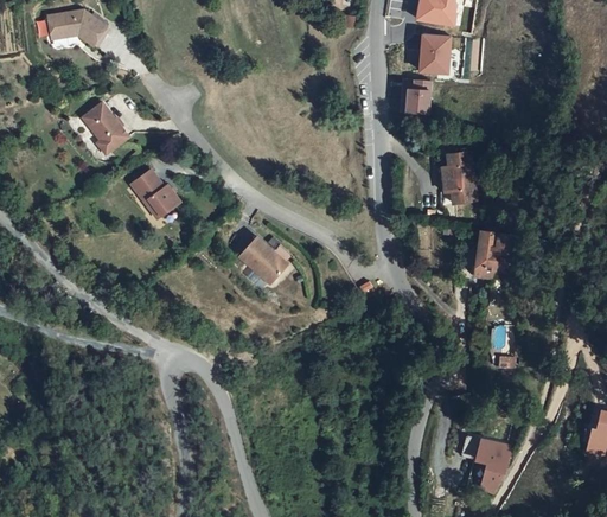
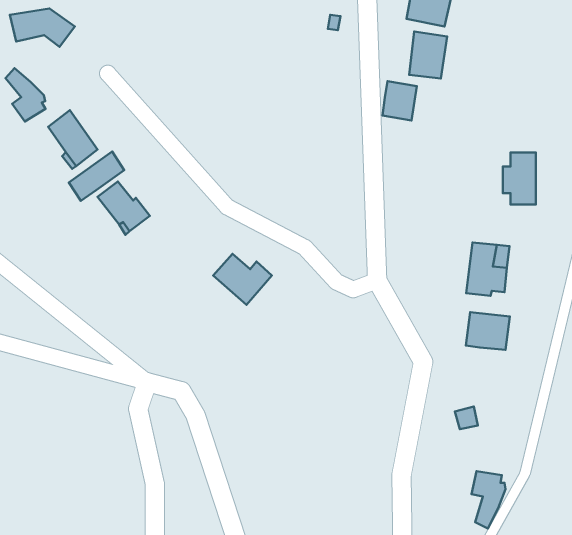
building: none -> [6,68,46,121]
building: none -> [69,152,124,201]
building: [443,152,474,200] -> [503,152,536,205]
building: none -> [466,312,510,350]

